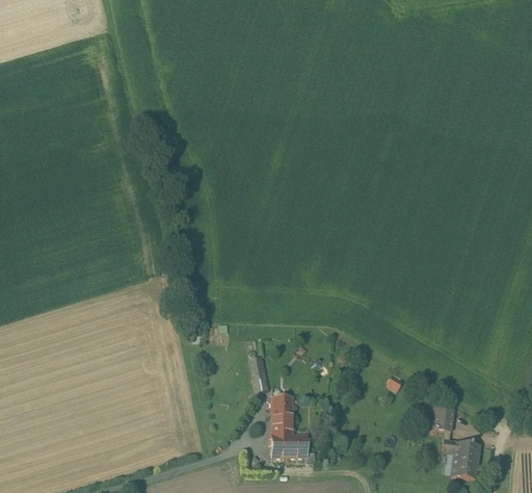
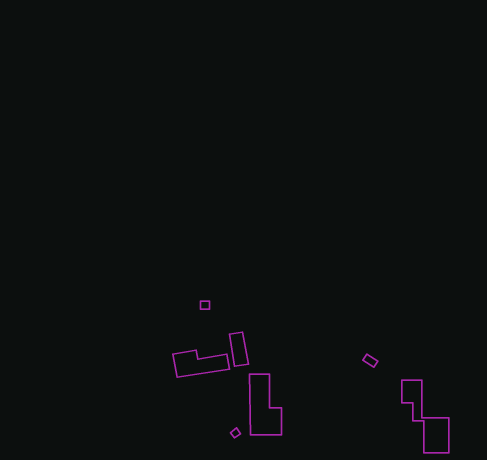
building: none -> [173,350,230,377]

